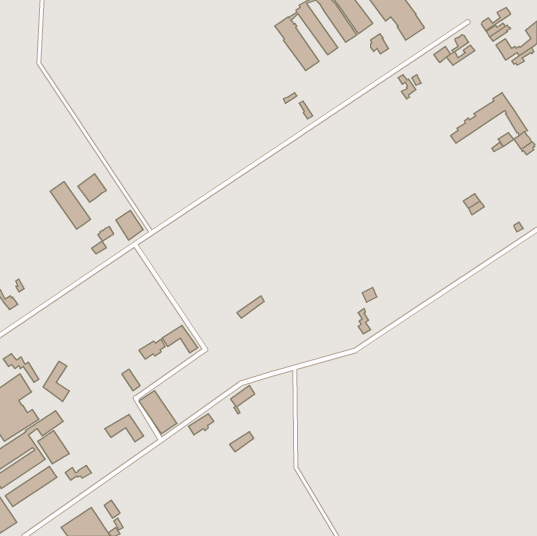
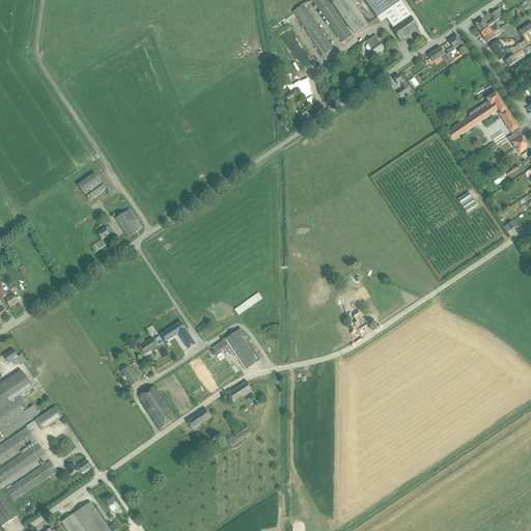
building: [50,182,90,229] -> none
building: none -> [211,328,260,368]
building: [43,361,69,402] -> none
building: [105,414,144,442] -> none
building: [38,431,69,464] -> none

